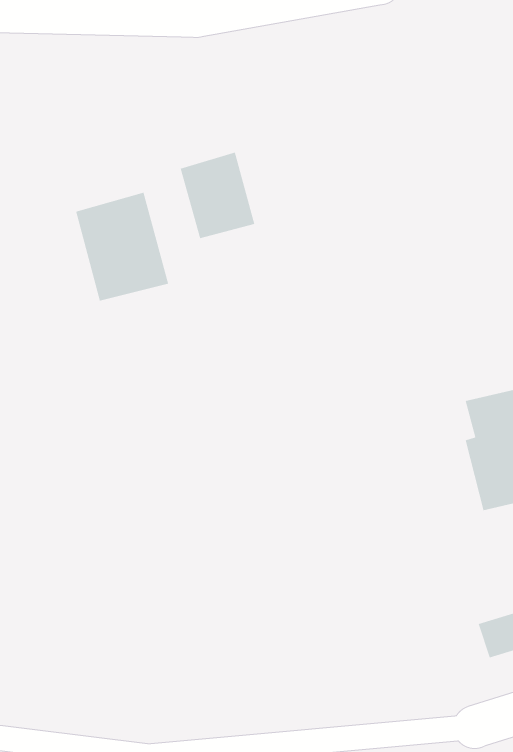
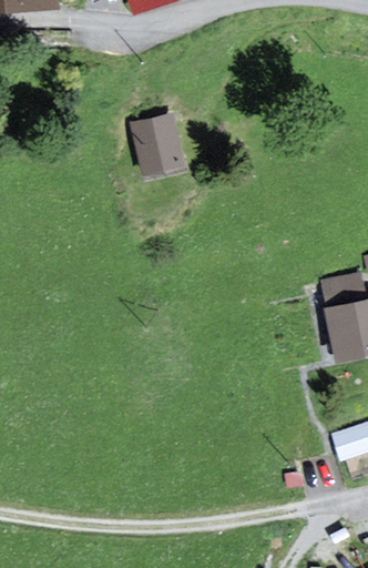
building: [75,192,169,302] -> none

